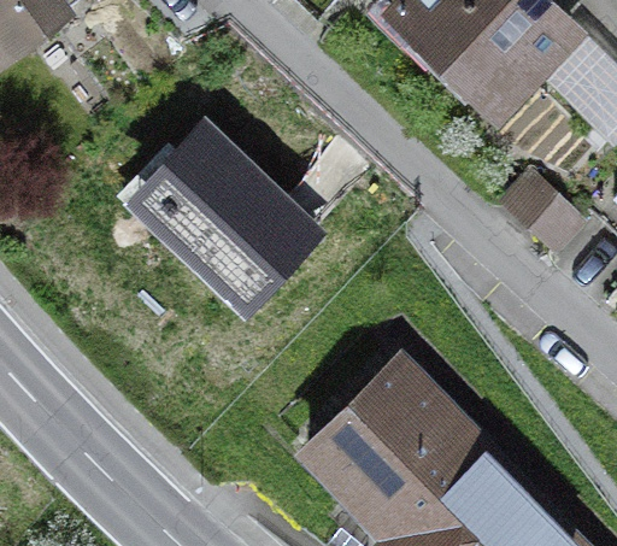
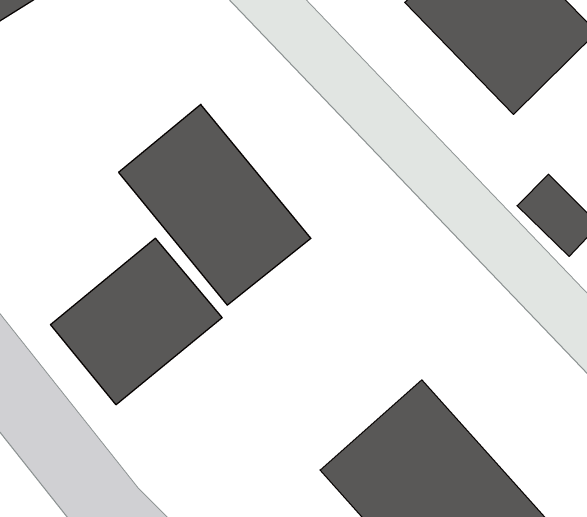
building: none -> [51,238,222,405]

